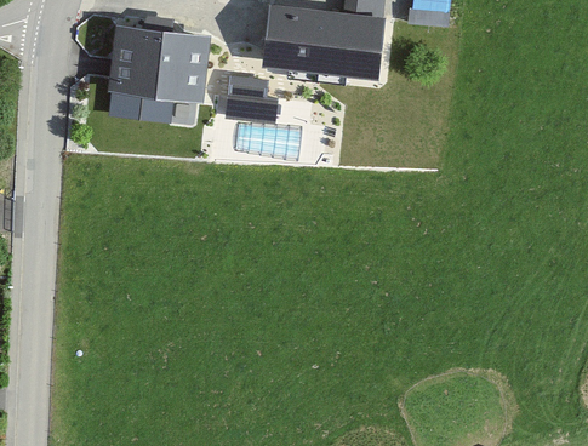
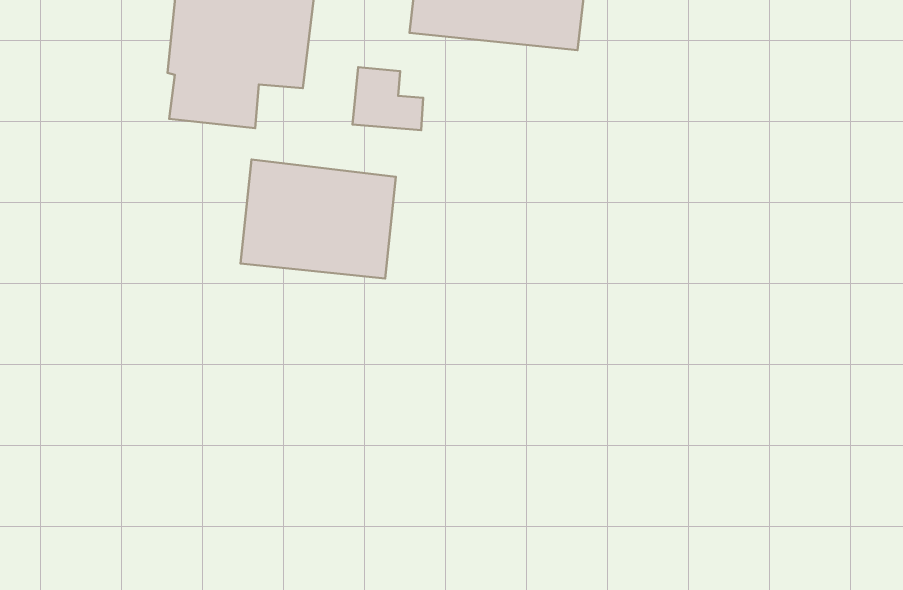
building: none -> [240,159,396,279]

